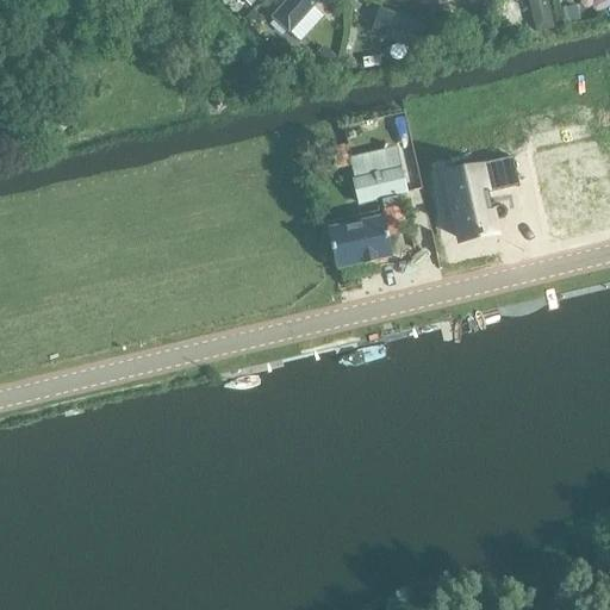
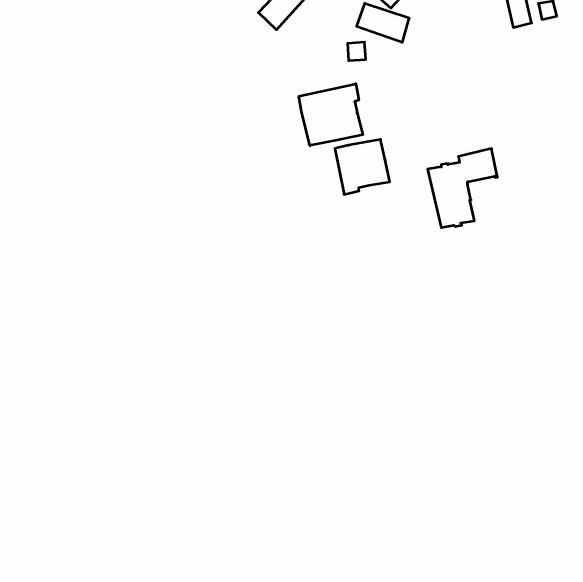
building: none -> [299,84,363,146]
building: [328,219,391,267] -> none

